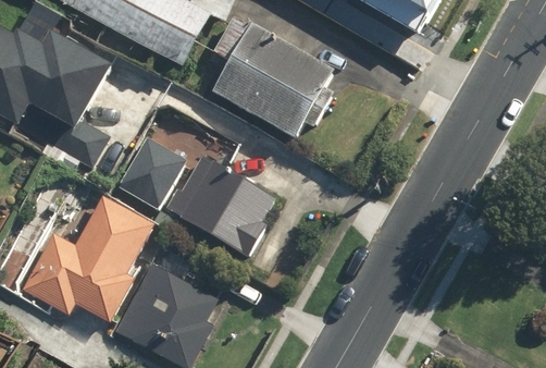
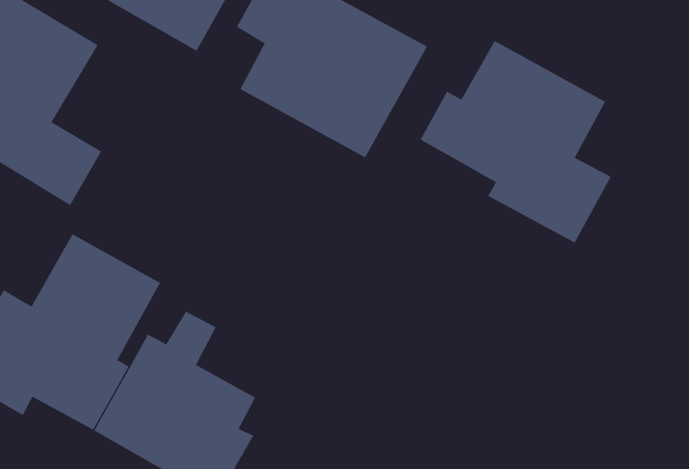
building: none -> [420,40,611,244]
building: [117,138,282,259] -> none

